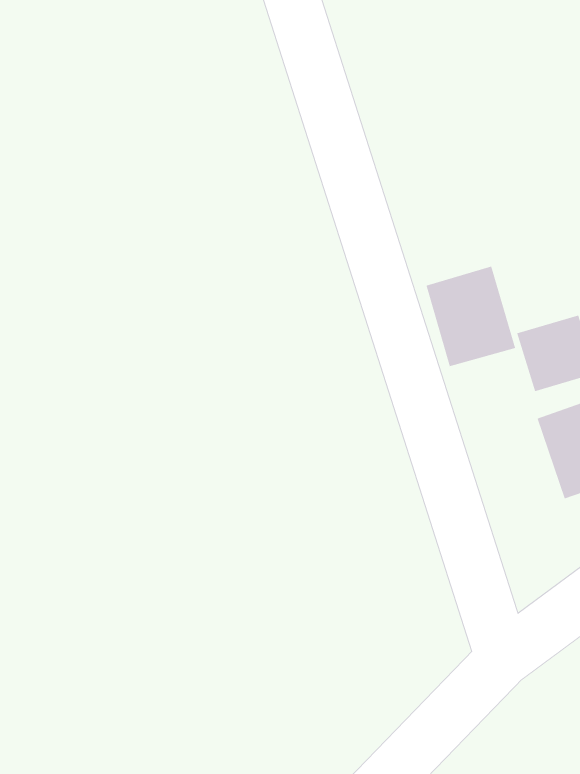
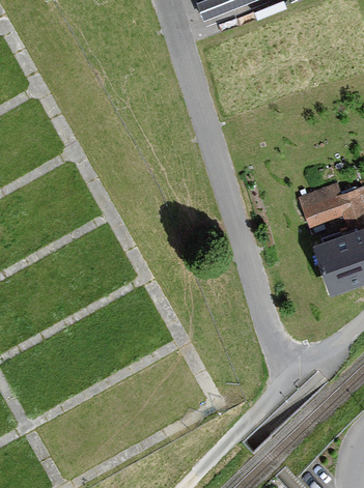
building: [426,266,516,367] -> none

